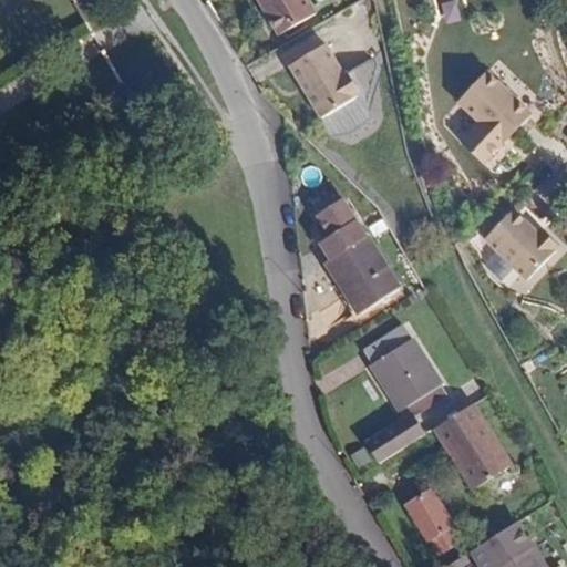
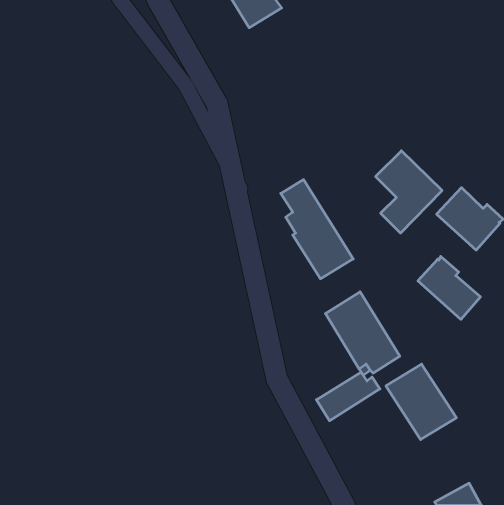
building: [289,42,358,116] -> none
building: [456,68,530,159] -> [376,151,442,233]
building: none -> [418,256,480,319]
building: [405,488,454,550] -> none

